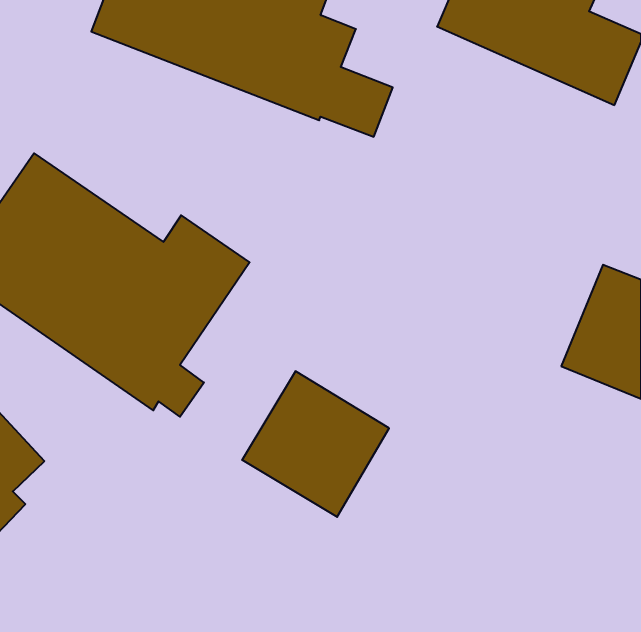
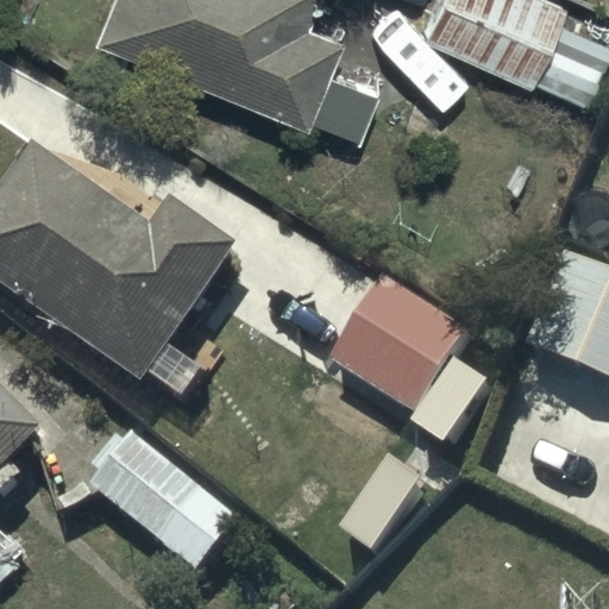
building: [242,371,389,517] -> [333,272,471,409]
building: none -> [90,431,239,572]

